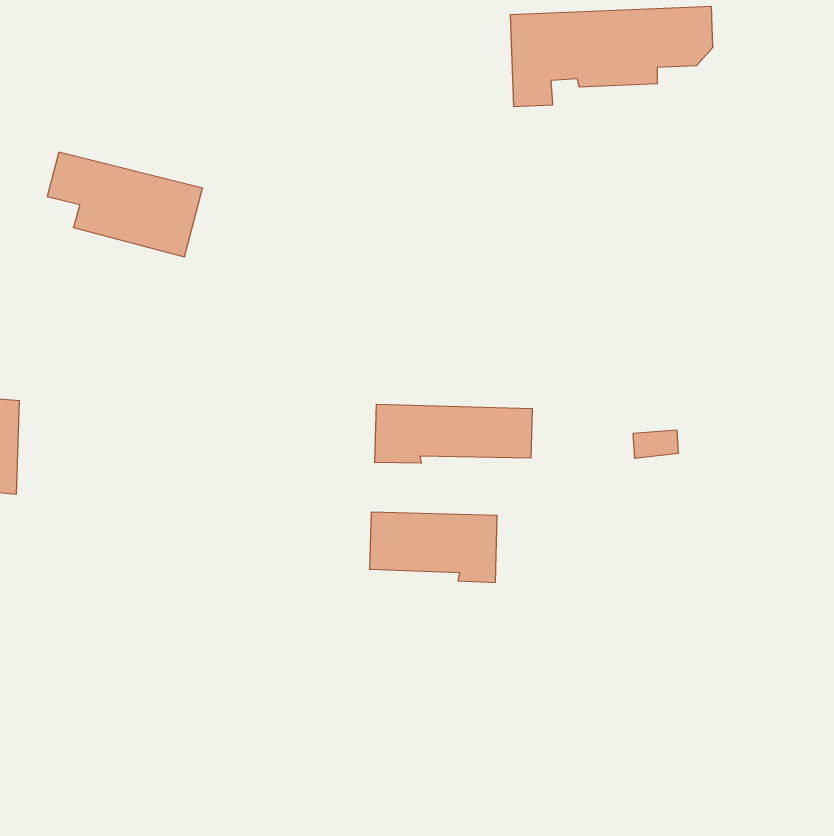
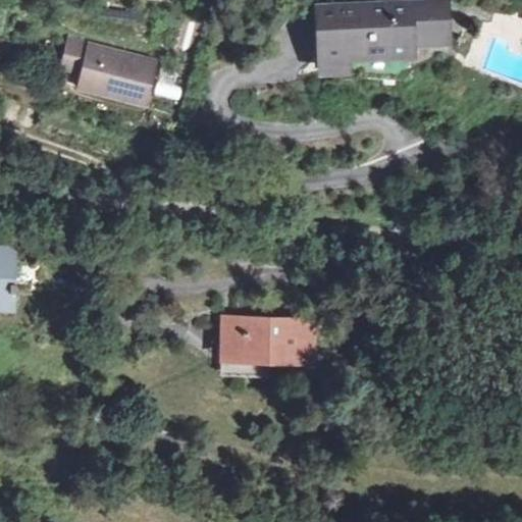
building: [47,152,203,257] -> [59,40,156,105]
building: [375,404,532,463] -> none

